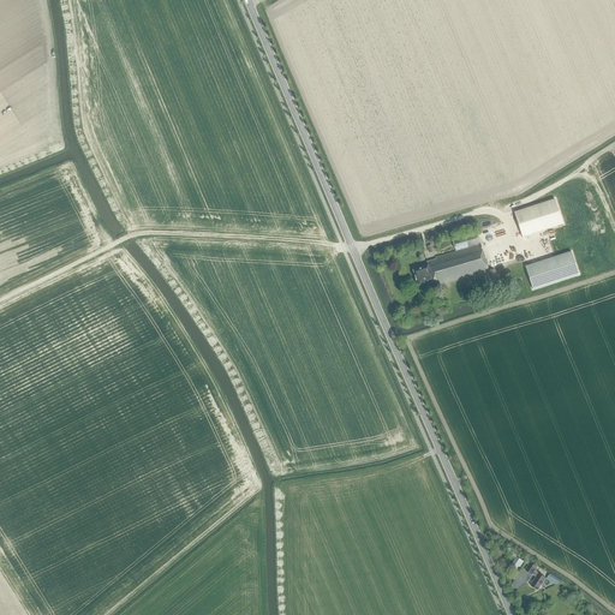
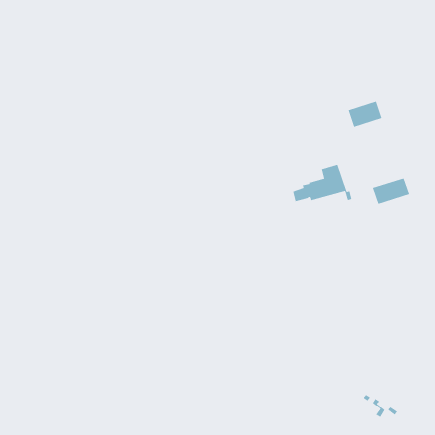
building: [513,198,562,237] -> [348,101,383,128]

